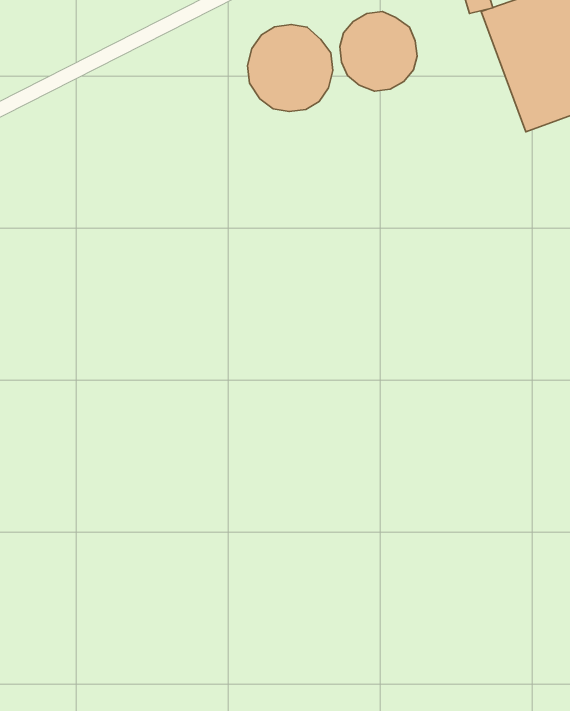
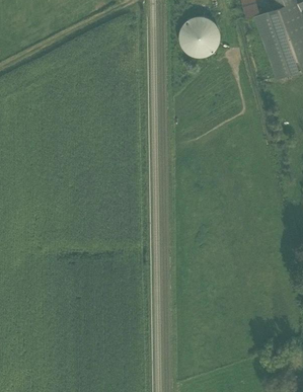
building: [247,25,333,112] -> none

